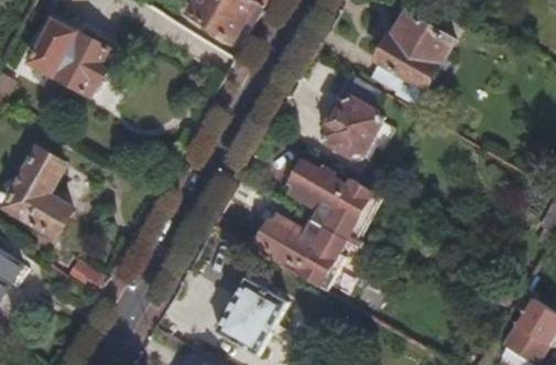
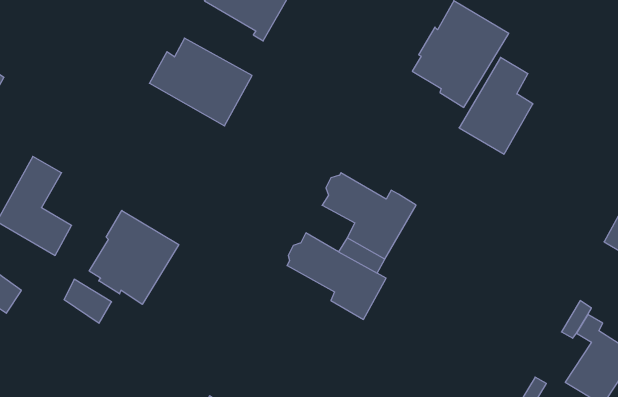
building: [20,19,110,96] -> [149,38,252,126]
building: [319,76,384,161] -> [459,57,533,154]
building: none -> [89,210,179,304]
building: [216,279,286,355] -> none

